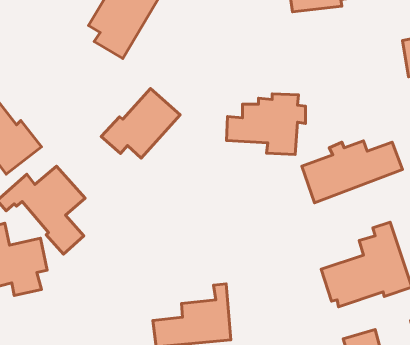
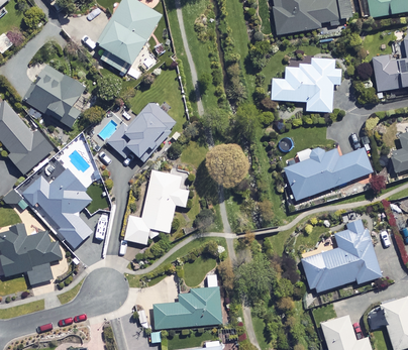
building: none -> [24,66,84,128]
building: [226,94,305,154] -> [271,59,340,112]
building: none -> [125,170,190,244]

